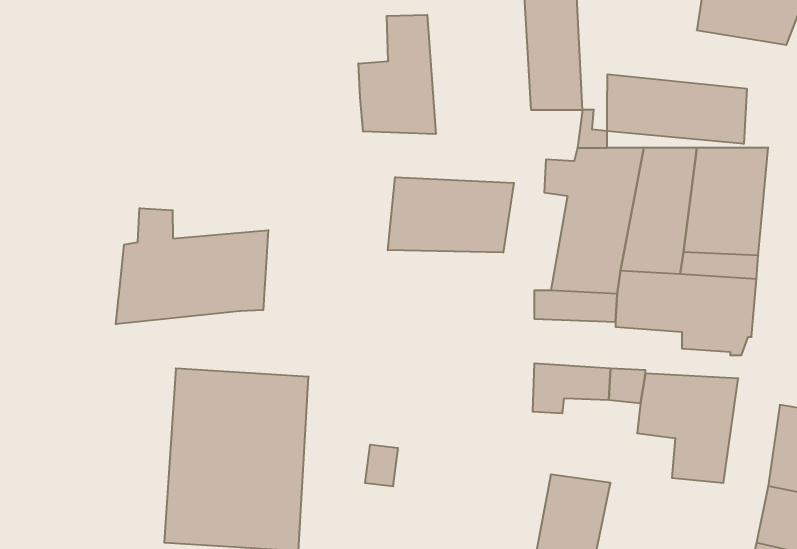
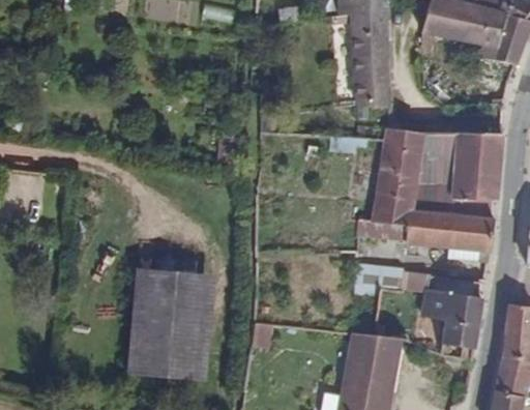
building: [358,15,436,134] -> none
building: [607,74,747,144] -> none
building: [388,177,514,253] -> none
building: [116,208,268,324] -> none

